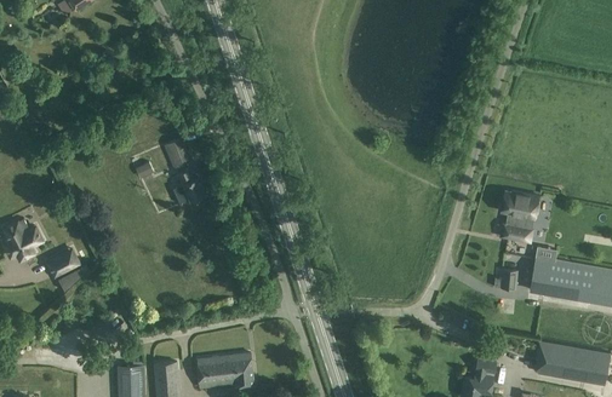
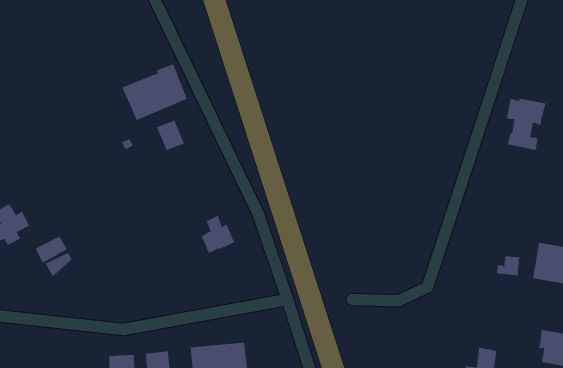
building: none -> [122,64,188,121]
building: [173,167,206,205] -> [201,215,235,254]
building: [501,190,539,241] -> [506,98,546,151]

